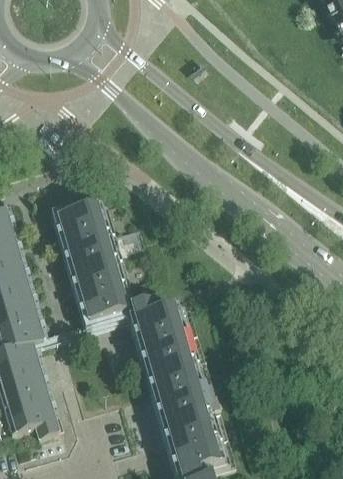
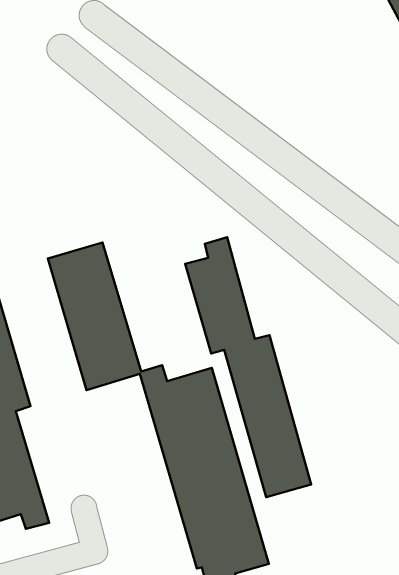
building: none -> [185,237,311,497]

